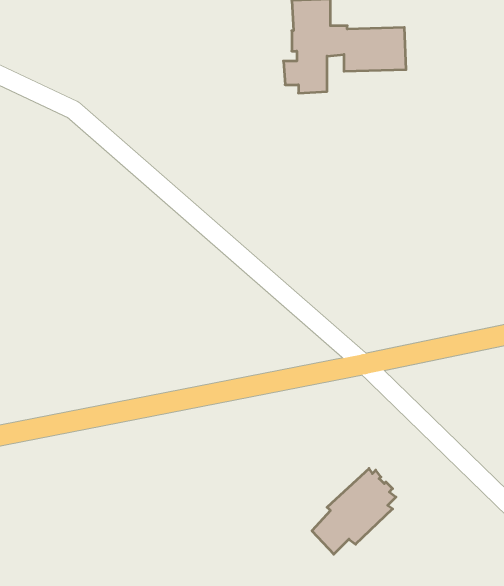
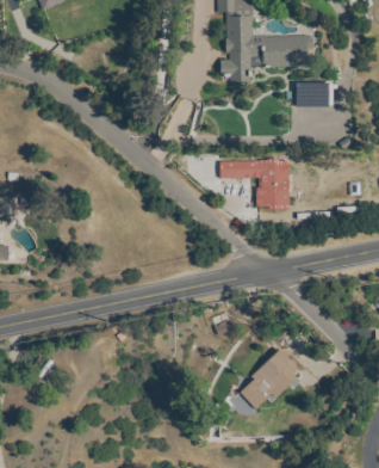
building: none -> [296,82,334,109]
building: none -> [219,159,288,209]

